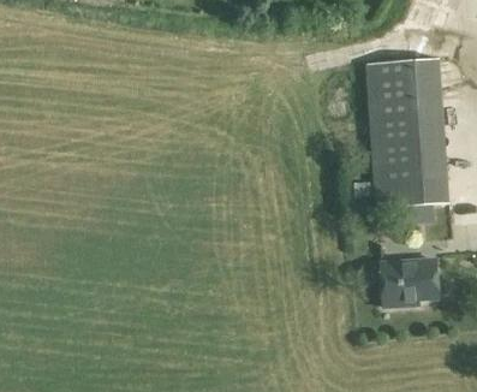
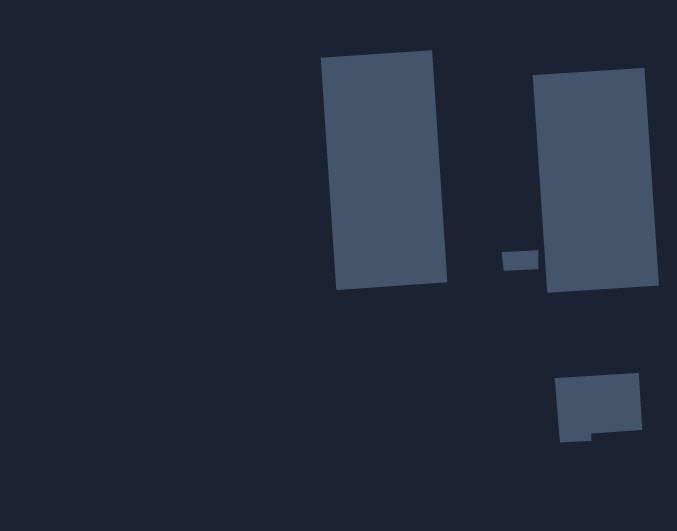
building: none -> [320,49,448,291]

